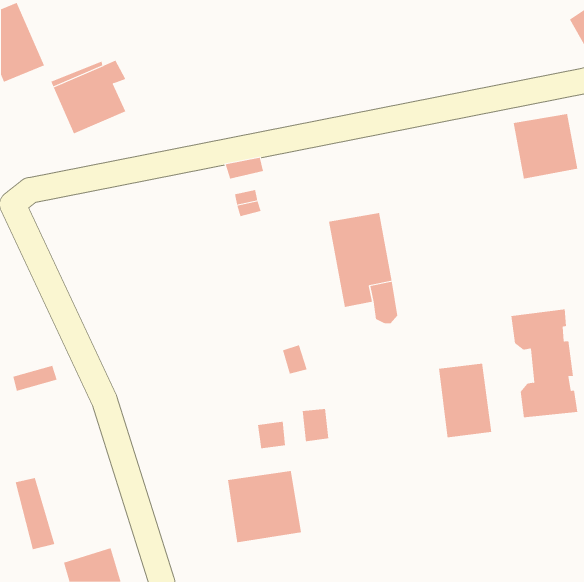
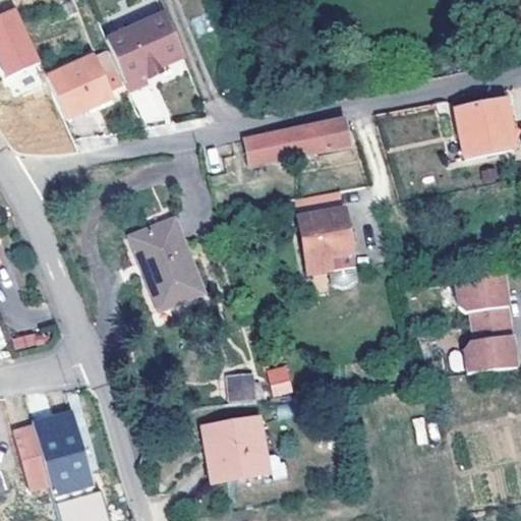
building: none -> [105,10,183,82]
building: none -> [246,118,350,164]
building: none -> [131,220,204,309]
building: [439,363,492,438] -> none
building: none -> [34,412,91,494]

